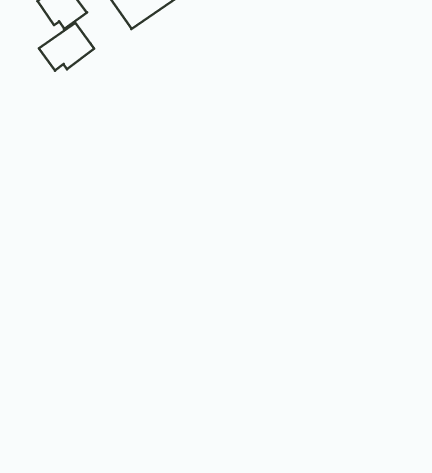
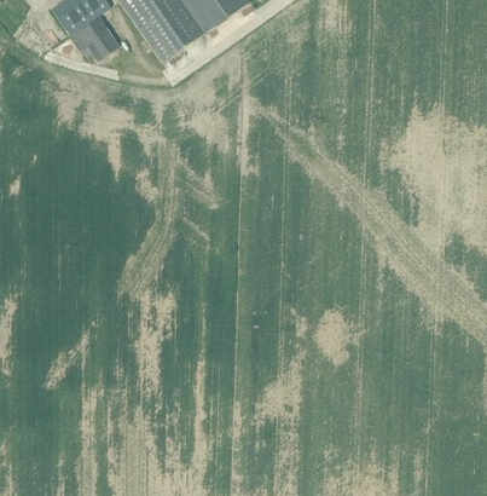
building: [39,23,94,71] -> none

